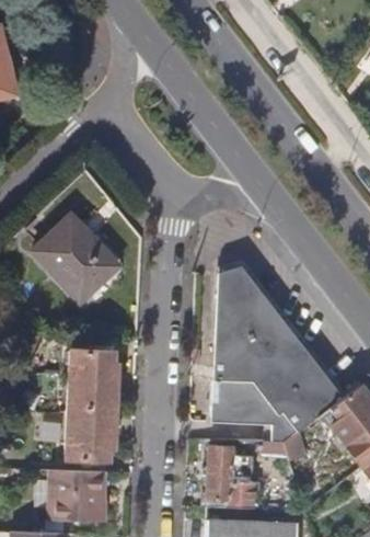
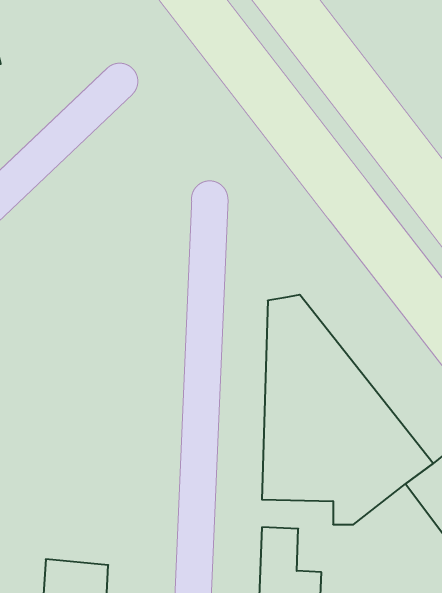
building: [35,215,115,300] -> none
building: [63,349,116,459] -> none

